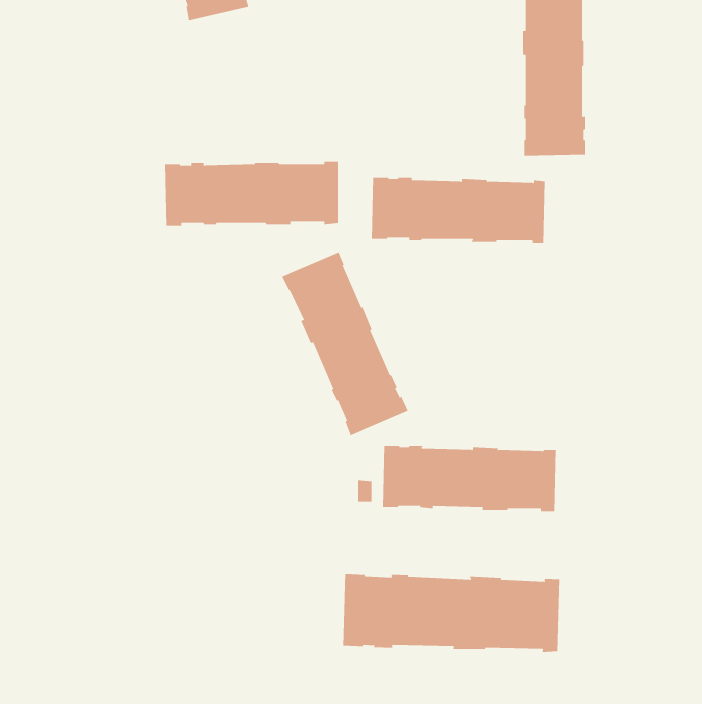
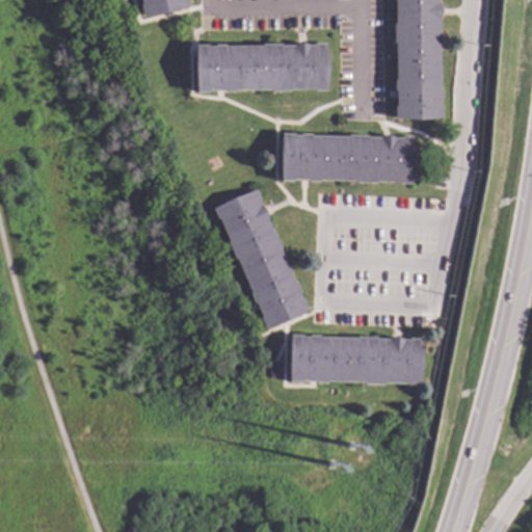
building: [164,161,339,226] -> [197,43,328,91]
building: [343,573,560,653] -> none

